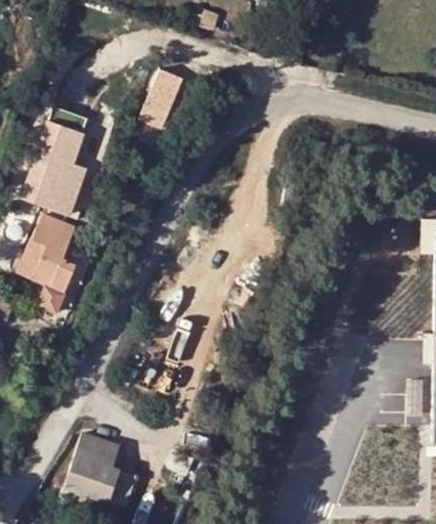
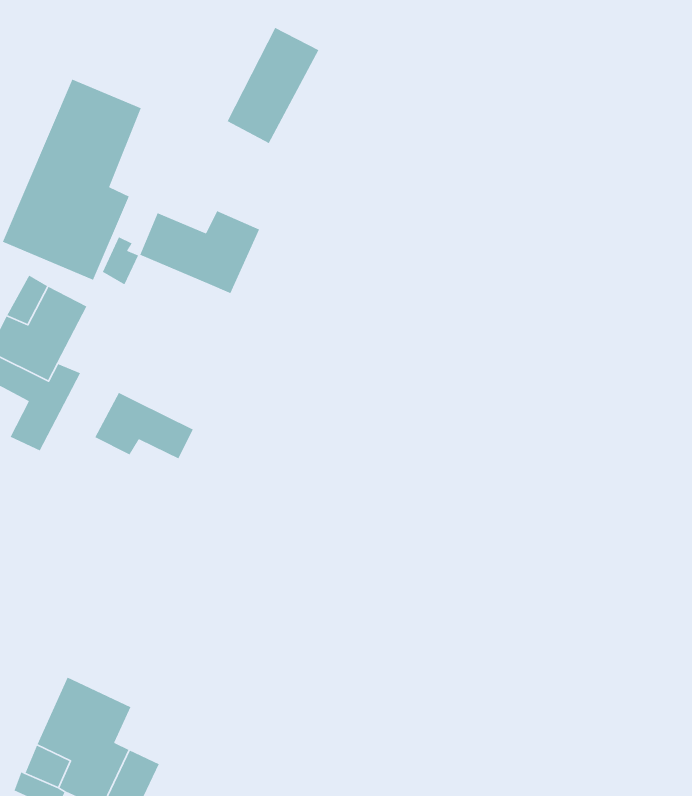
building: none -> [139,210,260,294]
building: none -> [94,392,194,460]

